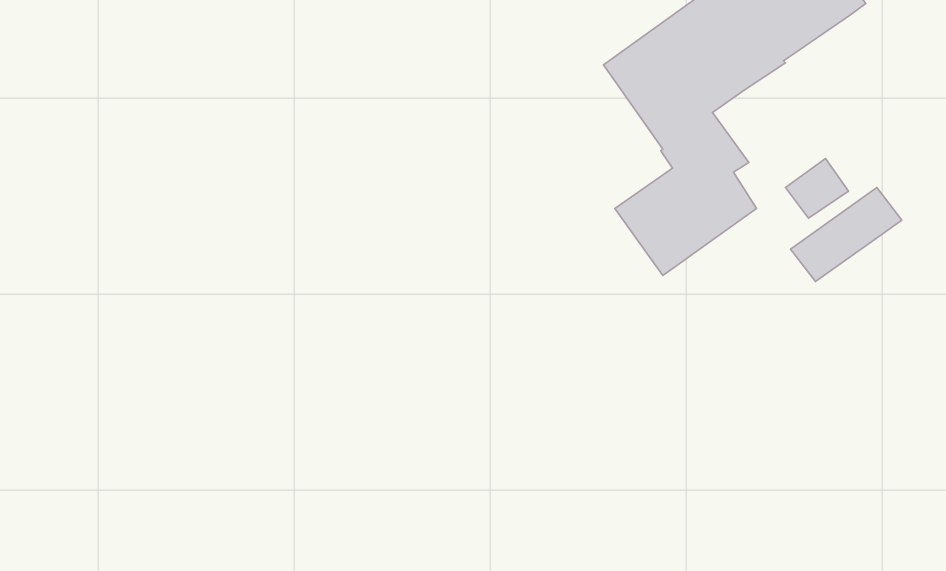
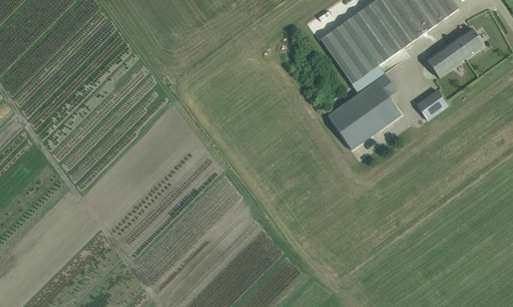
building: [791,188,902,282] -> [426,28,484,77]

